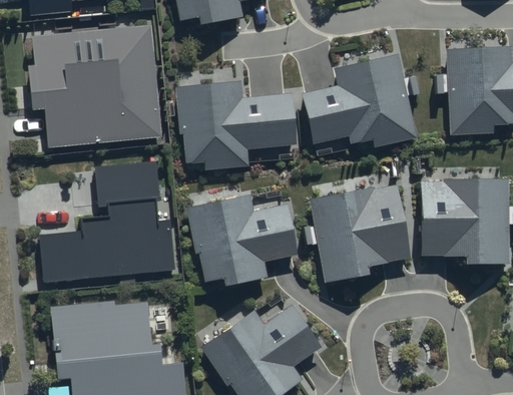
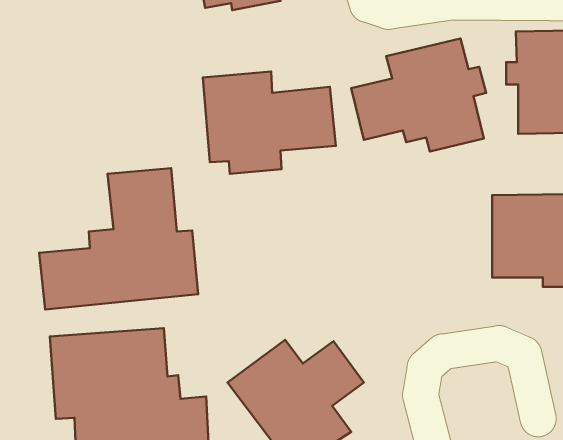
building: [27,23,164,147] -> none
building: [302,185,409,285] -> none
building: [189,195,299,292] -> none

